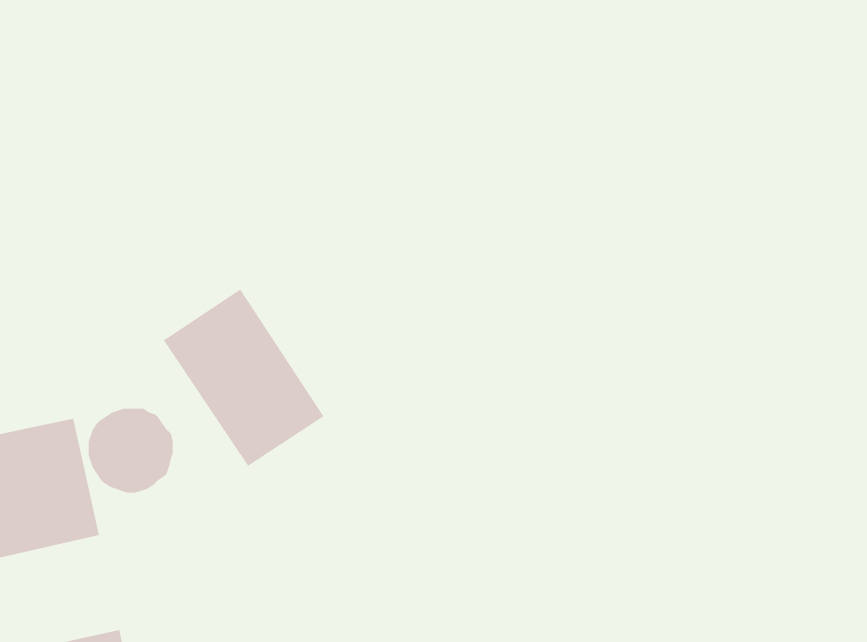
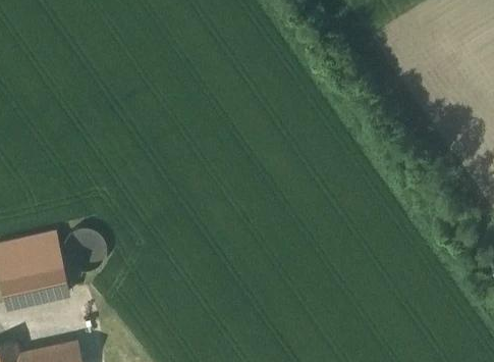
building: [163,288,324,467] -> none

